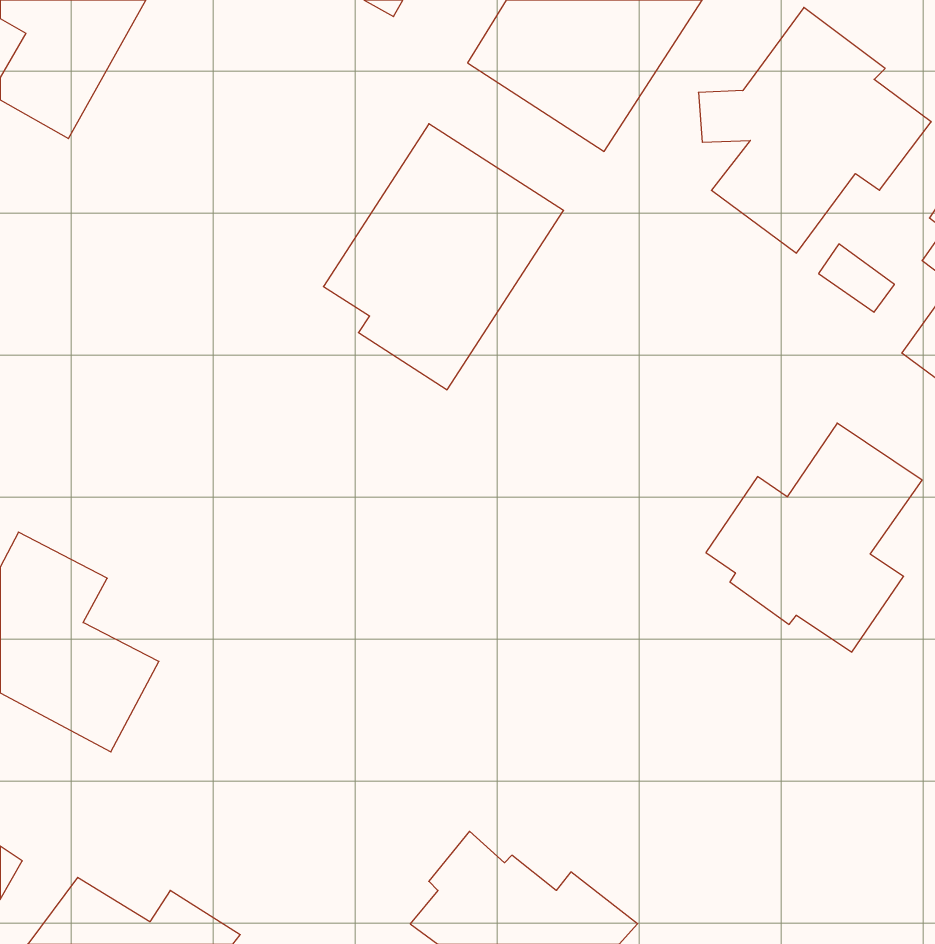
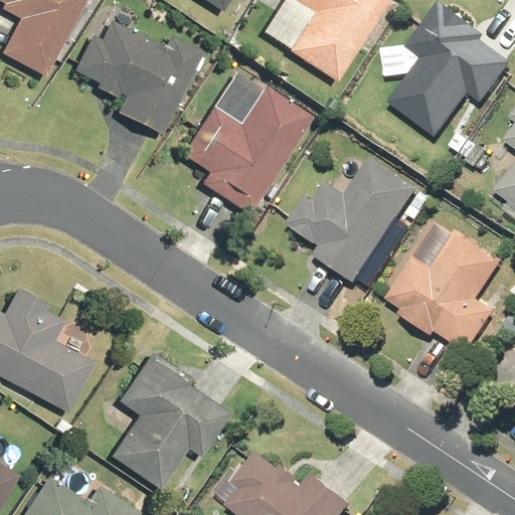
building: none -> [70,21,200,133]
building: none -> [289,156,424,287]
building: none -> [110,358,226,487]

